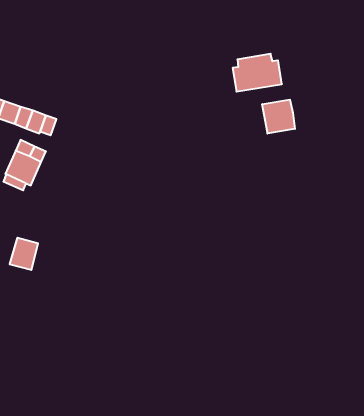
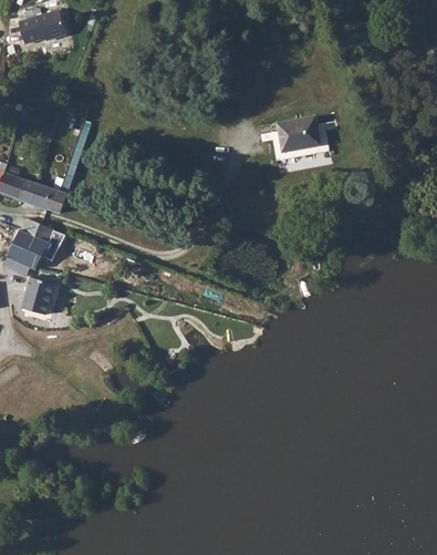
building: [262,100,295,134] -> none
building: [10,238,38,270] -> [20,279,53,317]

